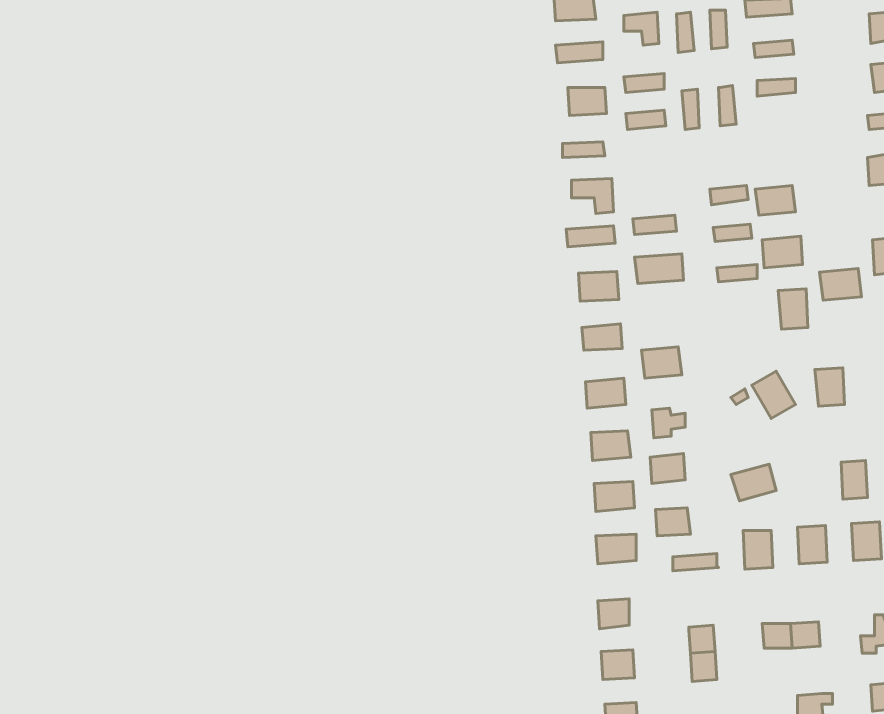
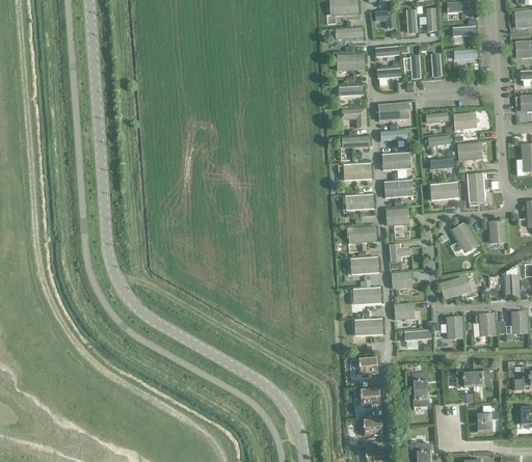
building: none -> [377,102,405,120]
building: [820,269,862,300] -> [433,182,458,200]
building: none -> [382,180,411,197]

